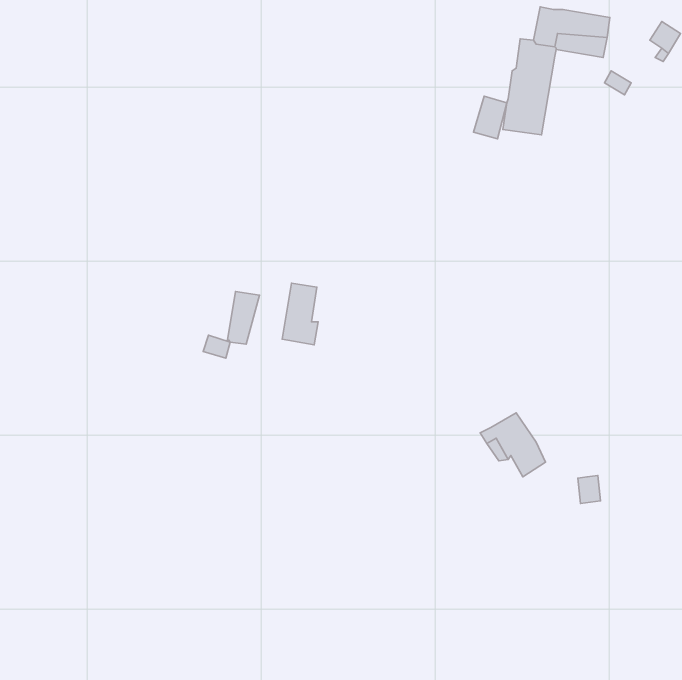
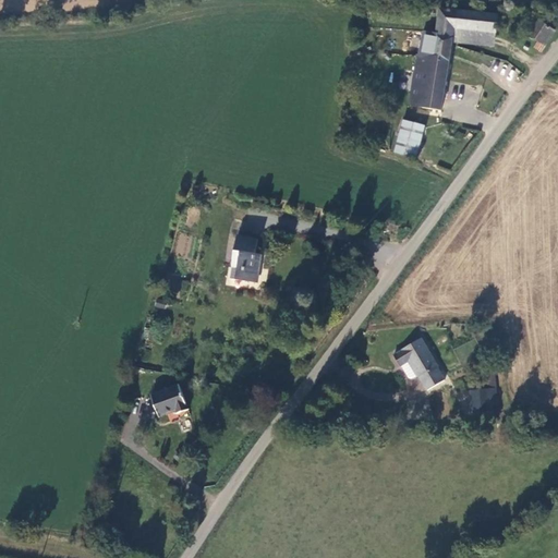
building: [473,96,507,139] -> [396,121,423,156]
building: [227,292,260,344] -> none
building: none -> [149,383,186,412]

